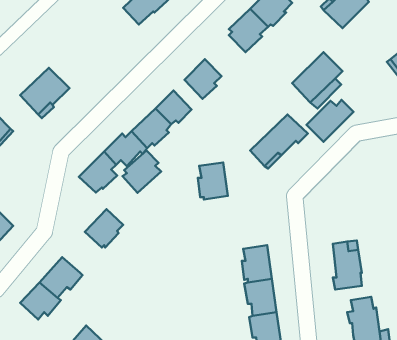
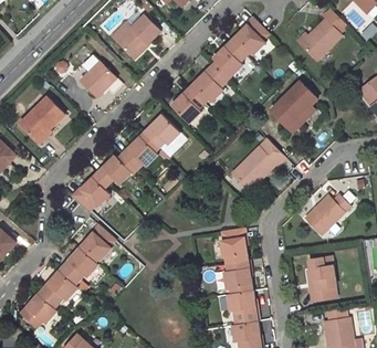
building: none -> [80,52,121,95]
building: none -> [190,65,228,103]
building: [307,100,353,142] -> [306,193,349,232]
building: [122,150,161,193] -> none
building: [198,162,228,200] -> [220,228,248,262]
building: none -> [59,246,98,284]

